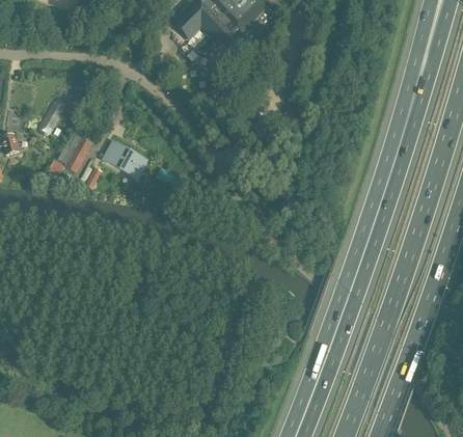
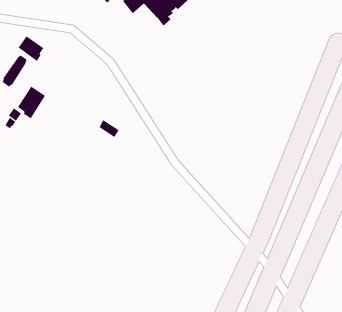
building: none -> [18,35,44,62]
building: [103,140,146,177] -> none

